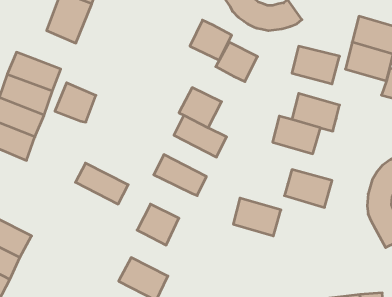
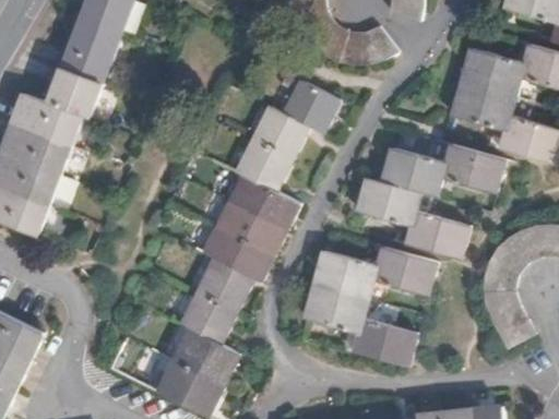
building: [190,20,232,60] -> [253,105,308,157]
building: [292,46,340,84] -> [441,144,503,193]
building: [55,83,96,122] -> [48,64,102,116]
building: none -> [406,211,468,258]
building: [75,163,128,204] -> [216,201,285,254]
building: none -> [316,248,378,298]
building: none -> [199,258,252,309]
building: none -> [354,316,416,366]
building: none -> [174,328,238,384]

